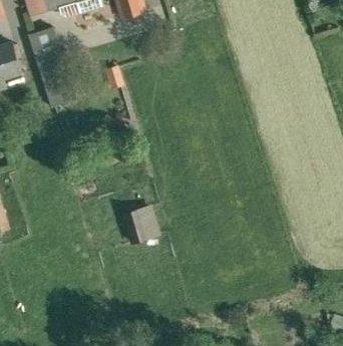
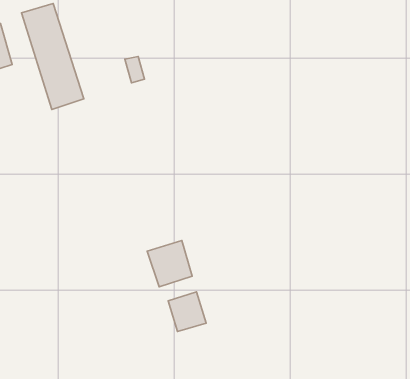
building: none -> [168,292,206,331]

